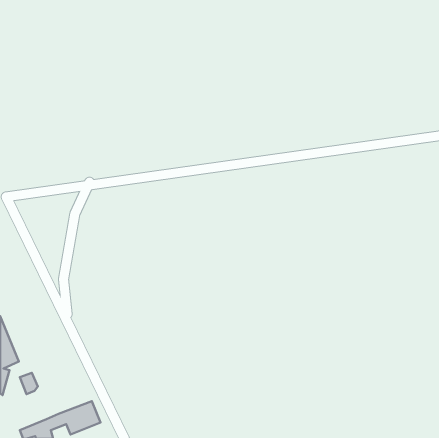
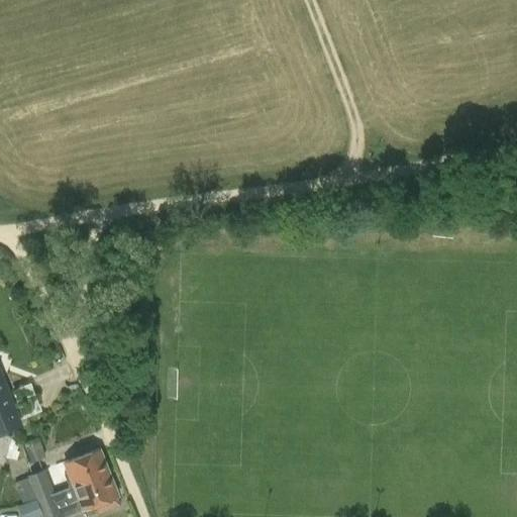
building: none -> [64,449,108,488]
building: none -> [13,471,55,507]

